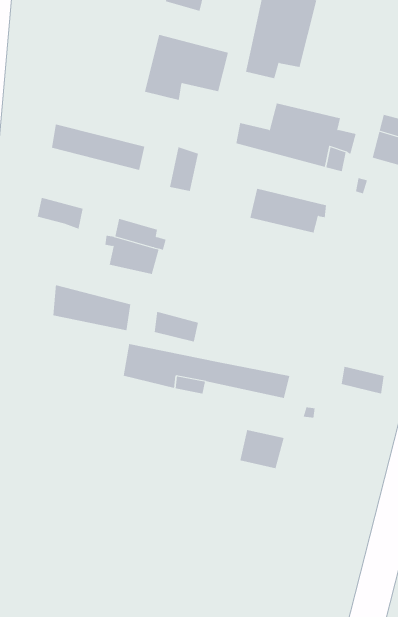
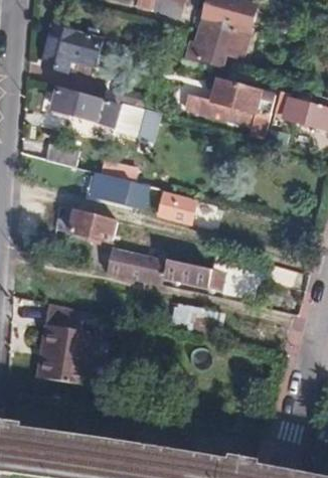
building: [144,34,229,100] -> [45,24,106,71]
building: [249,188,327,233] -> [161,193,216,225]
building: none -> [33,303,93,385]

